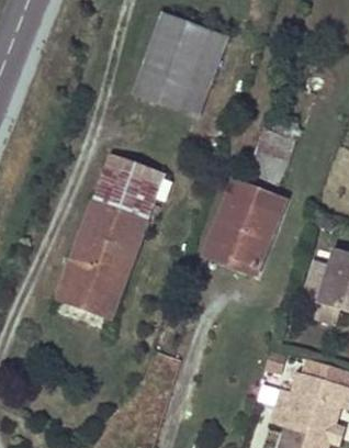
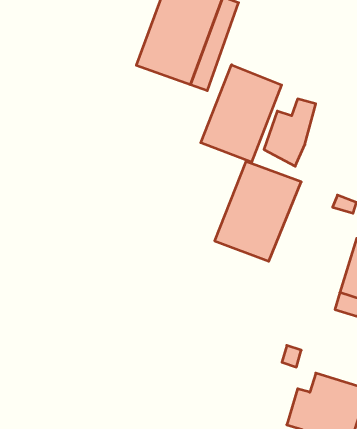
building: none -> [201,65,282,162]
building: [59,153,171,314] -> none

